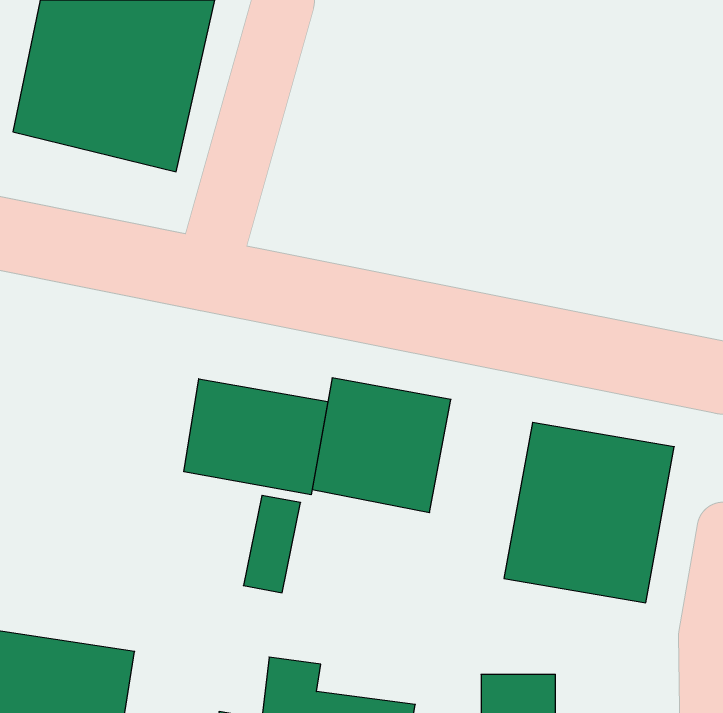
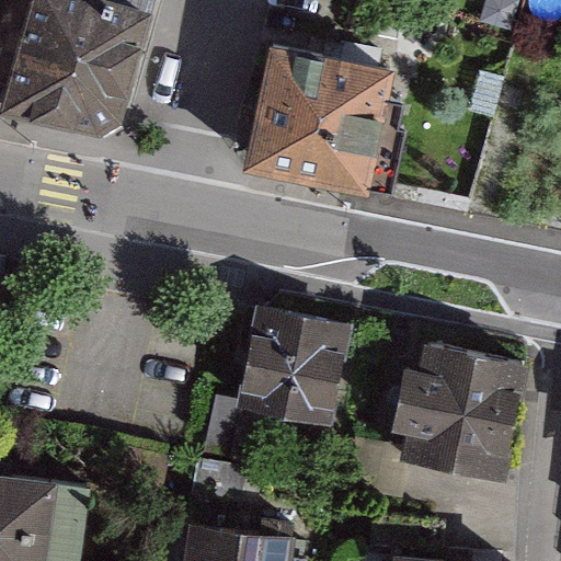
building: none -> [243,65,387,210]
building: [184,379,328,495] -> none

